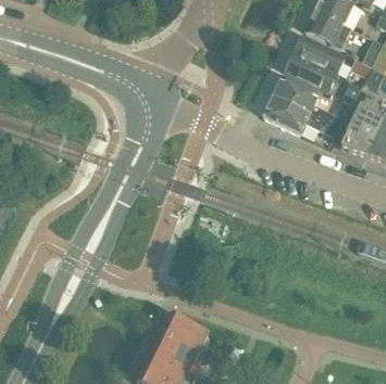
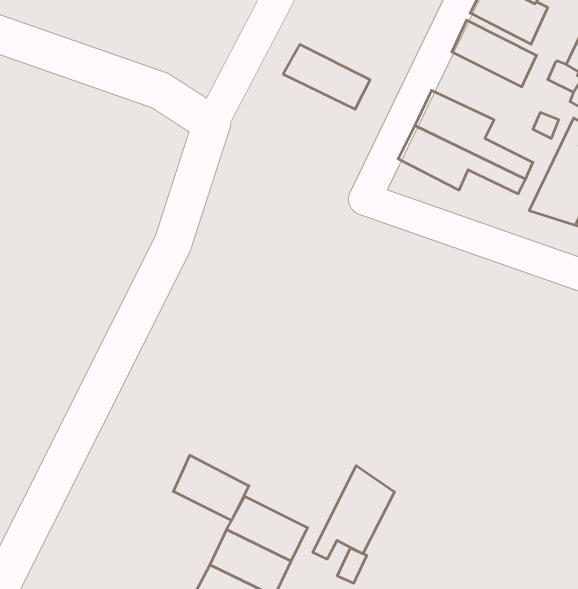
building: [284,51,335,89] -> [283,45,370,109]
building: none -> [173,455,249,521]
building: none -> [313,466,394,559]

